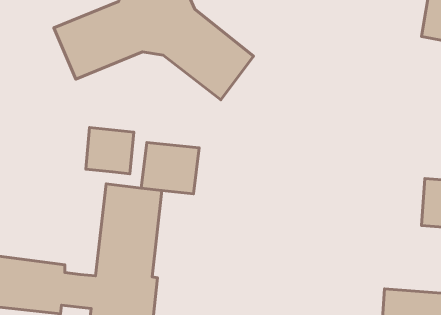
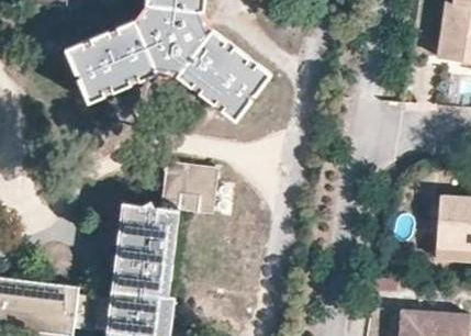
building: [86,127,134,174] -> none

